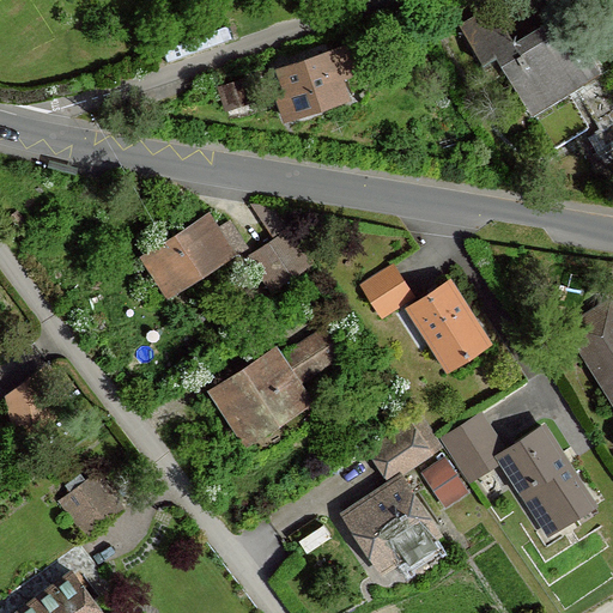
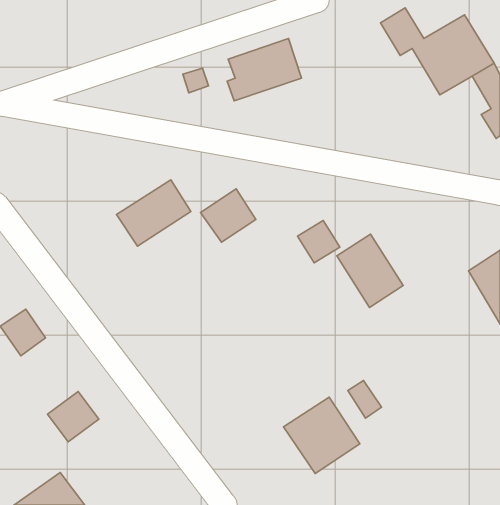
building: [210,328,342,447] -> none
building: [442,415,594,536] -> none
building: [368,426,426,481] -> none

